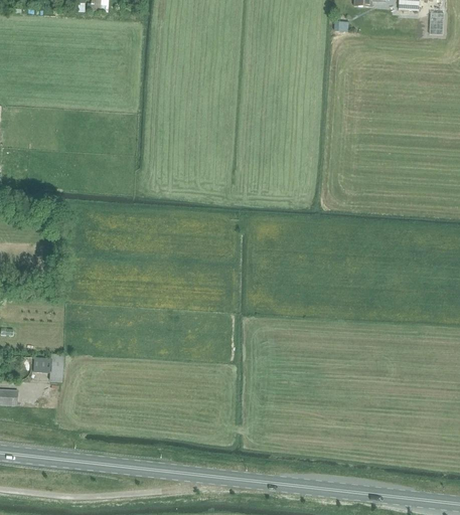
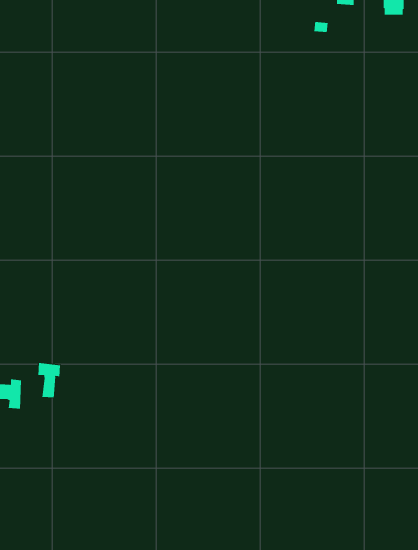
building: none -> [38,362,60,398]

